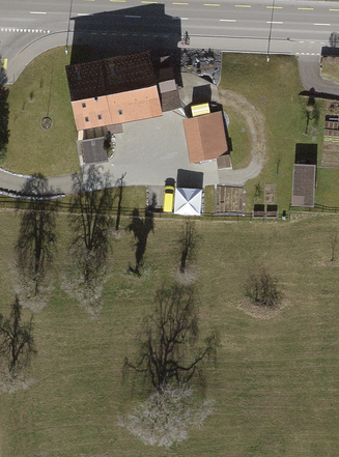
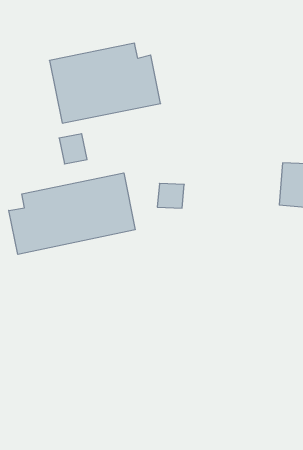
building: [182,114,230,169] -> none
building: none -> [9,173,135,254]

